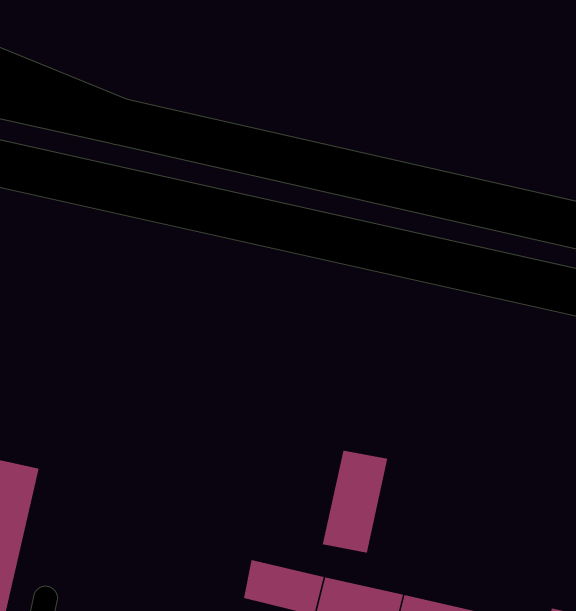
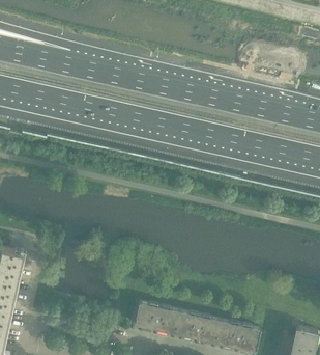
building: [322,450,388,553] -> none

